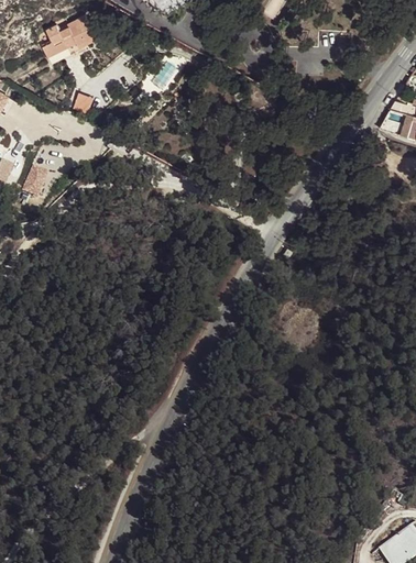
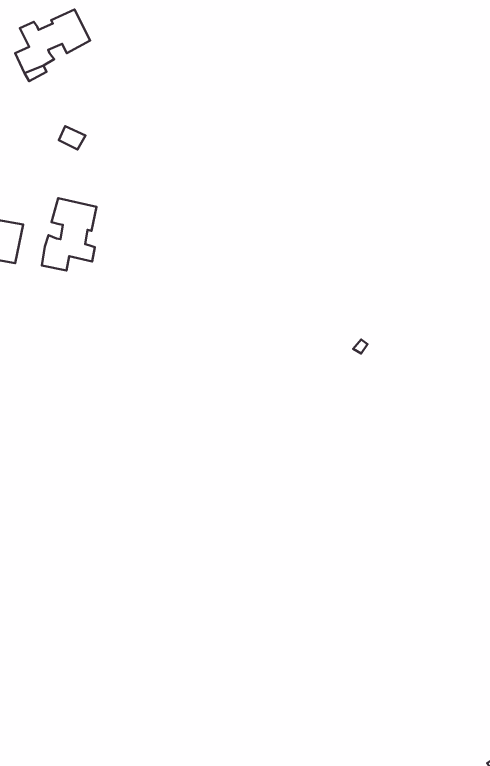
building: none -> [42,198,96,270]

